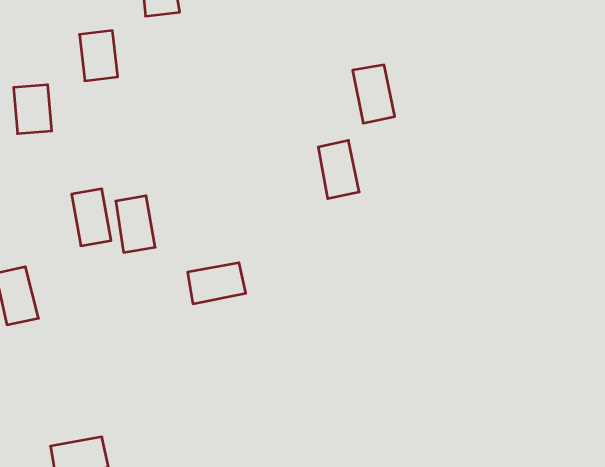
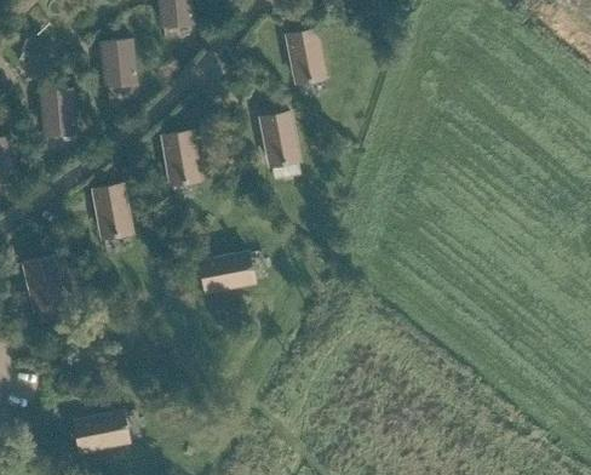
building: [353,65,395,123] -> [287,32,326,85]
building: [318,140,359,199] -> [262,114,299,167]
building: [116,196,155,252] -> [163,133,200,185]

